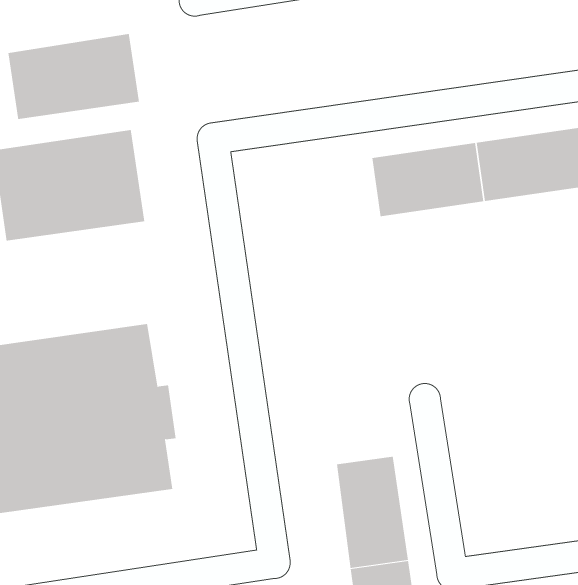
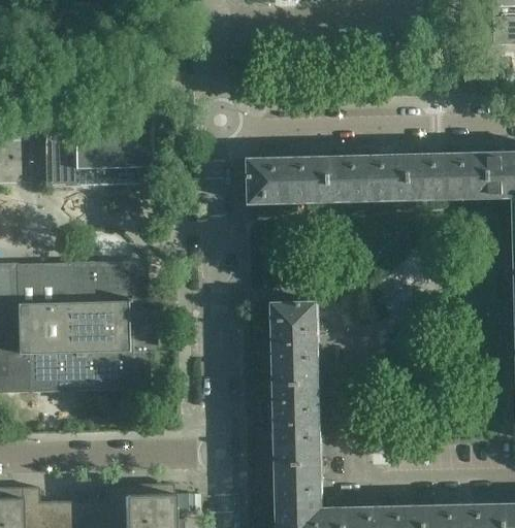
building: [8,33,139,120] -> none
building: none -> [246,157,328,204]
building: none -> [270,301,317,386]

